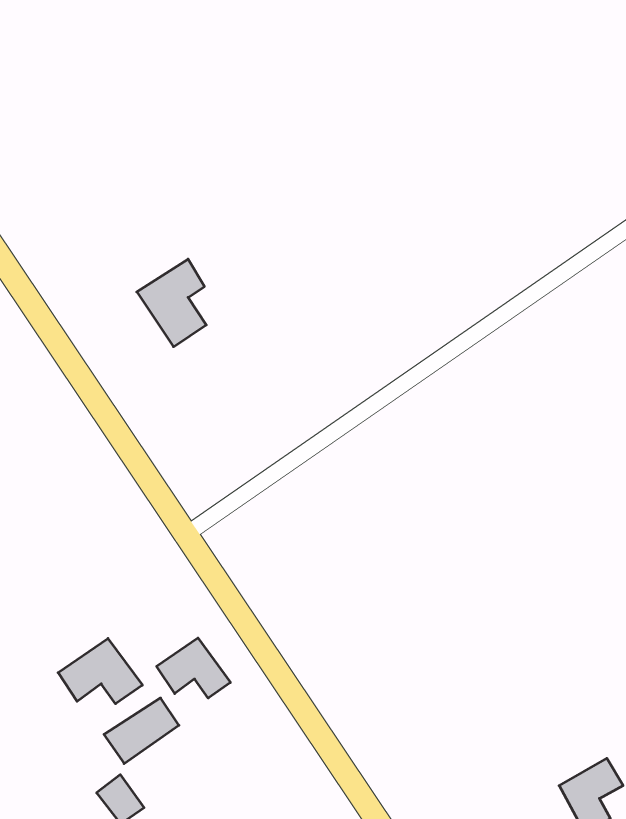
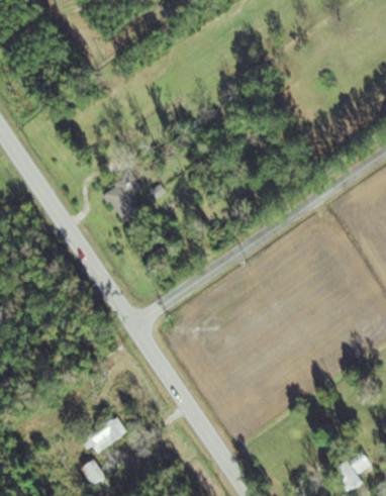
building: [157,638,230,698] -> none
building: [58,638,142,704] -> none

